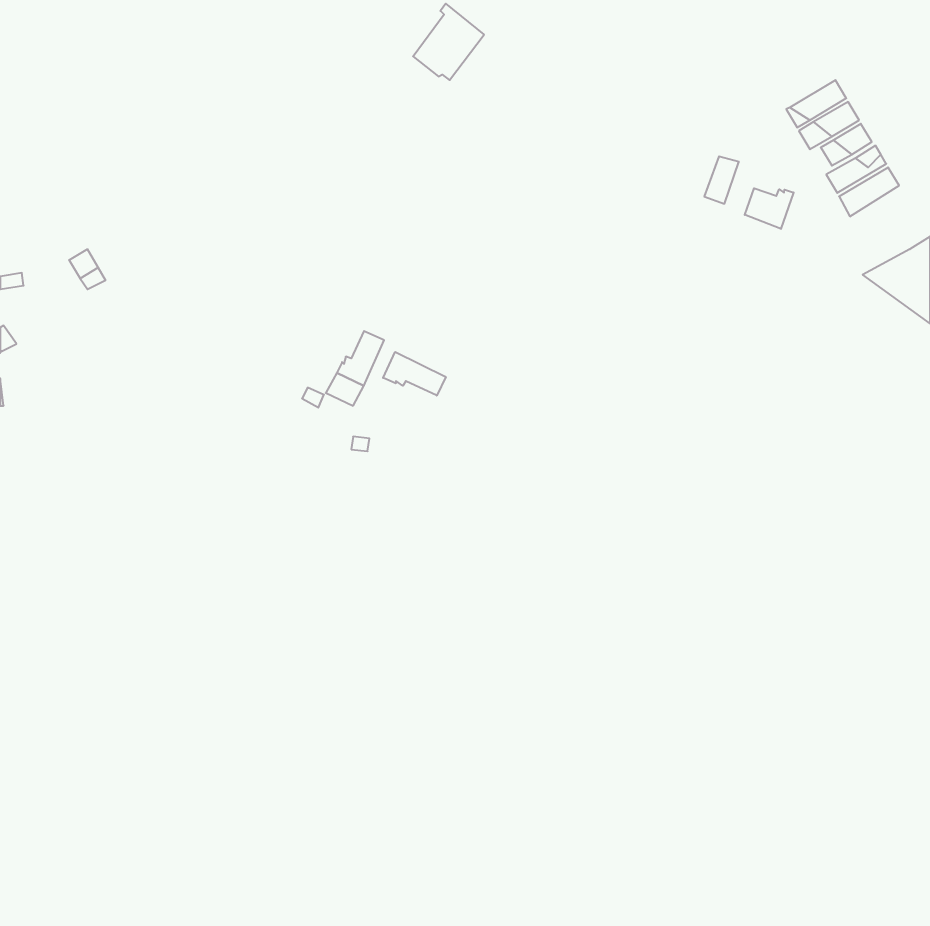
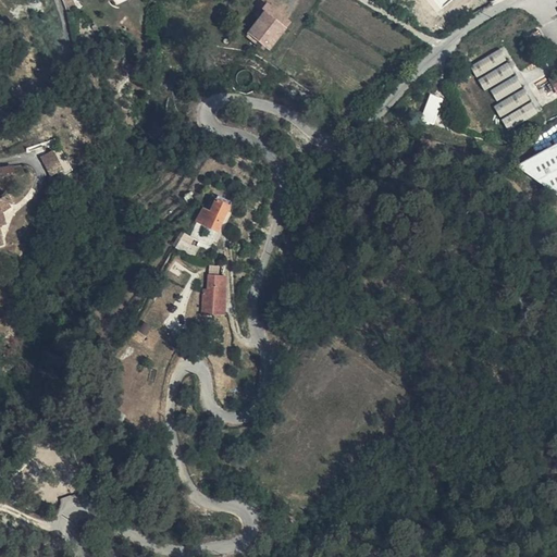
building: [745,188,794,229] -> none
building: [383,352,446,396] -> none
building: none -> [202,275,225,312]

